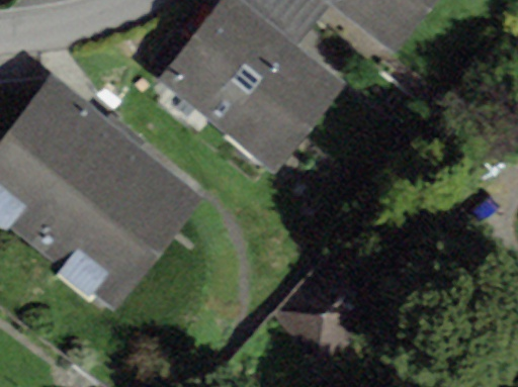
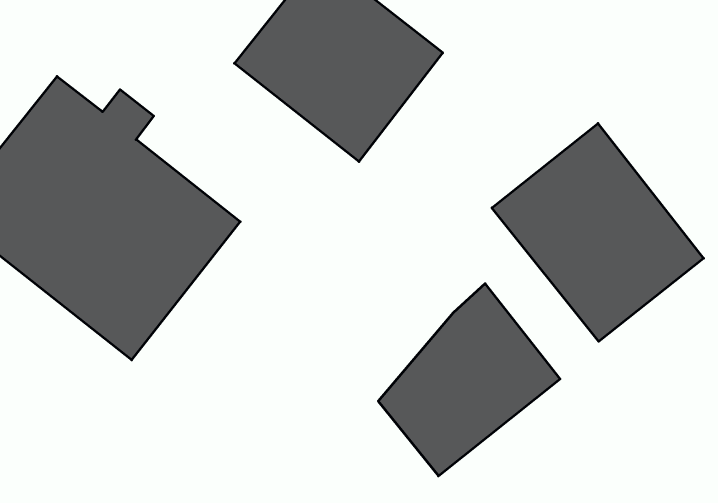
building: none -> [492,123,704,341]

